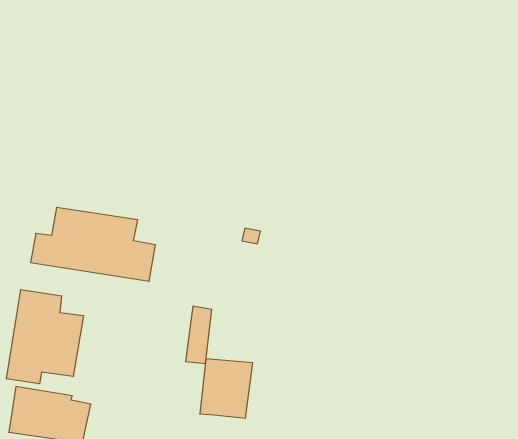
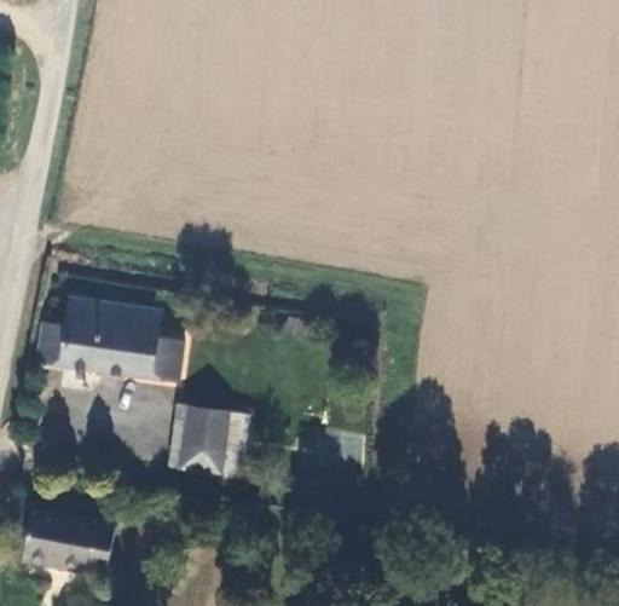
building: [7,290,83,384] -> none
building: [200,359,253,418] -> [168,408,230,477]

